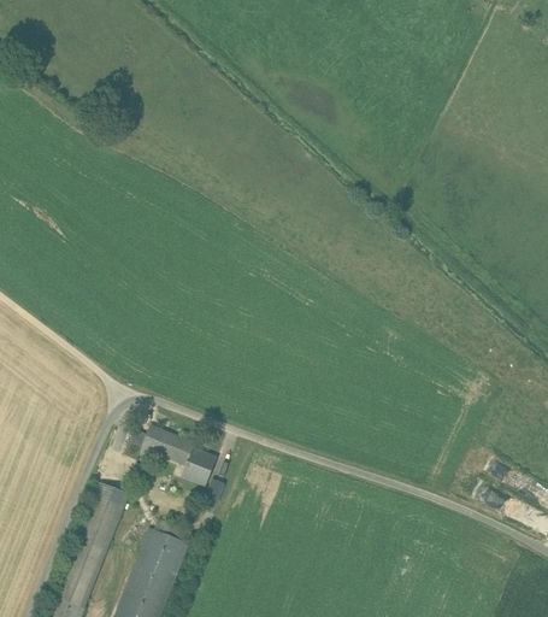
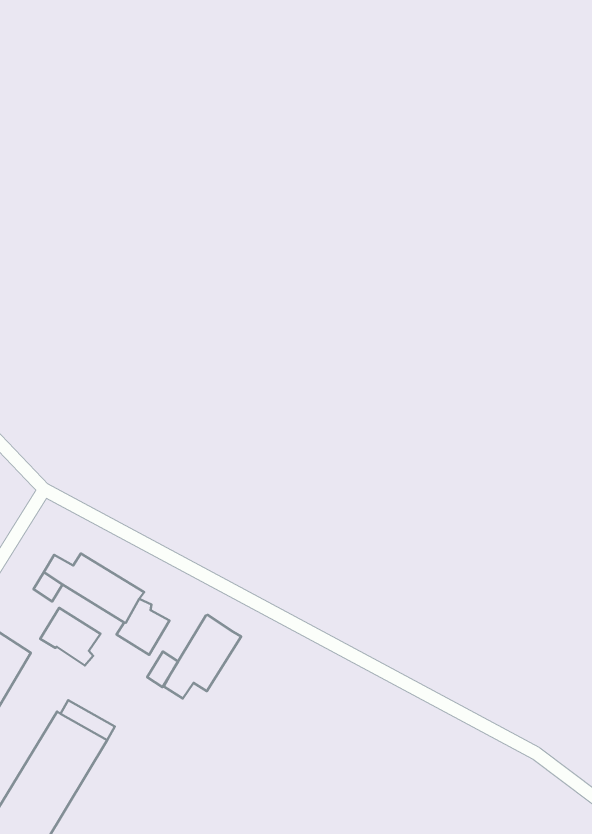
building: none -> [164,615,241,698]
building: none -> [40,608,101,666]

